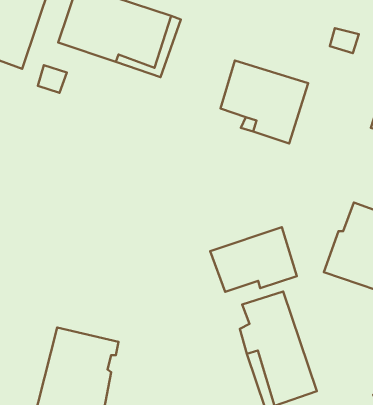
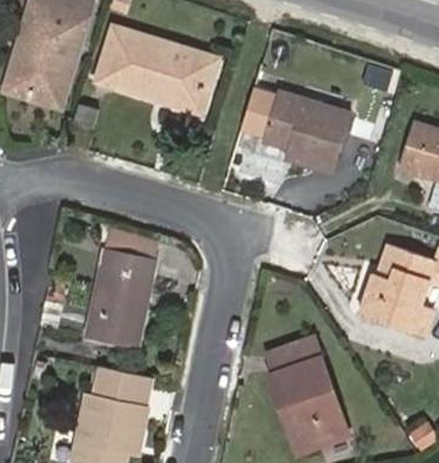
building: none -> [88,246,159,346]
building: [210,227,297,292] -> none

